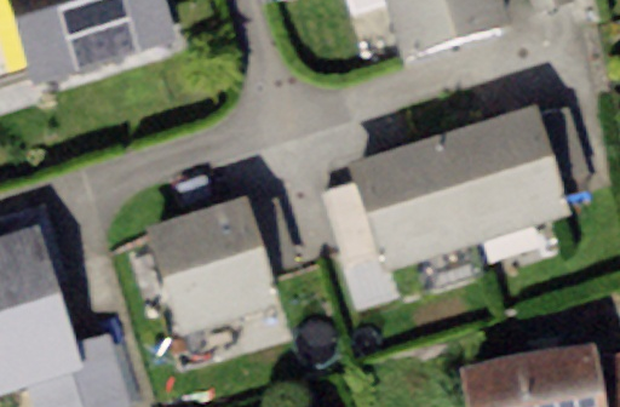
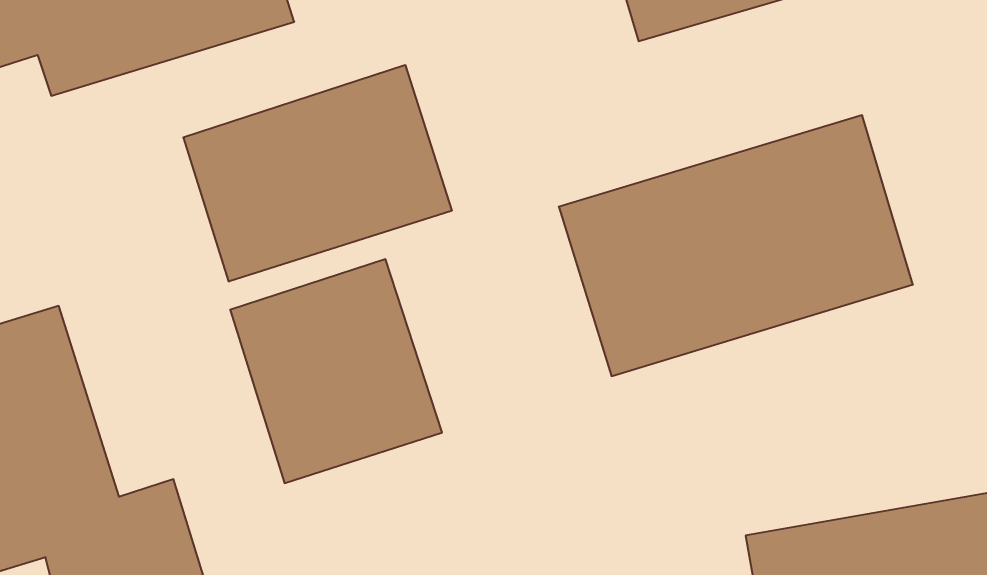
building: none -> [183,65,452,282]

